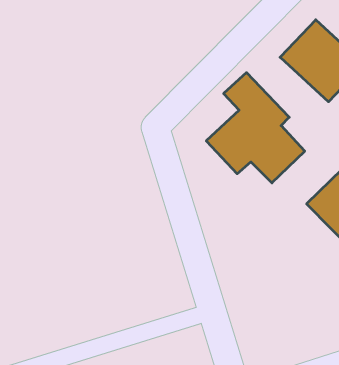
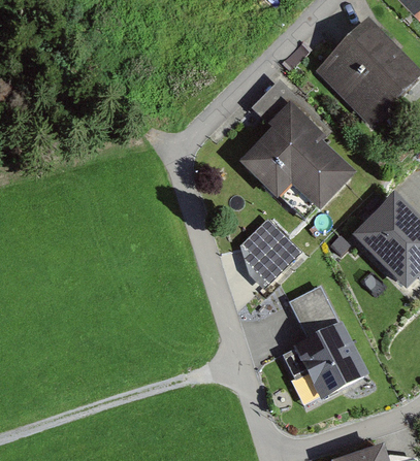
building: none -> [240,211,309,279]
building: none -> [290,289,364,396]

